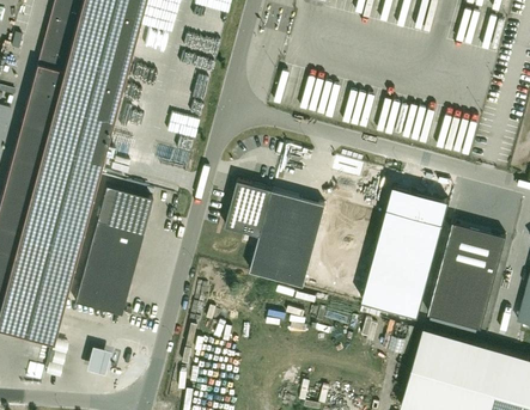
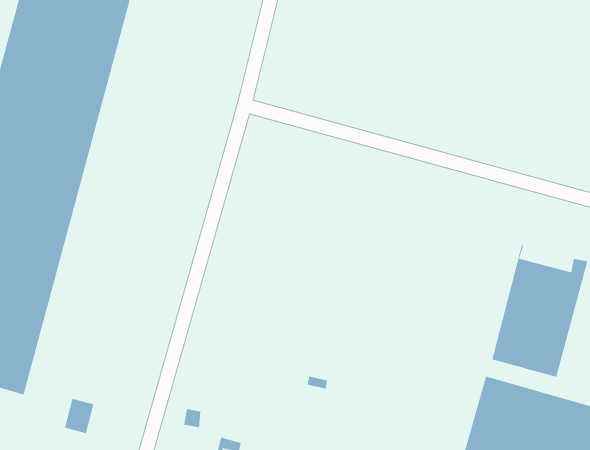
building: [225,182,325,287] -> none
building: [74,186,152,316] -> none
building: [360,188,449,318] -> none

